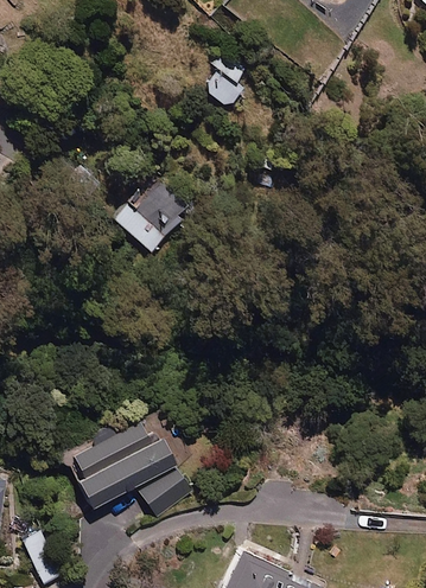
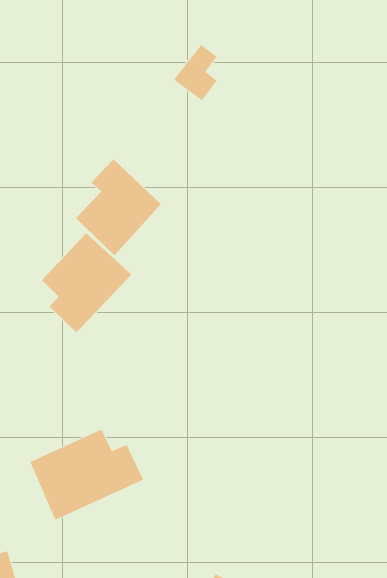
building: none -> [41,233,132,333]
building: [140,467,195,518] -> none

